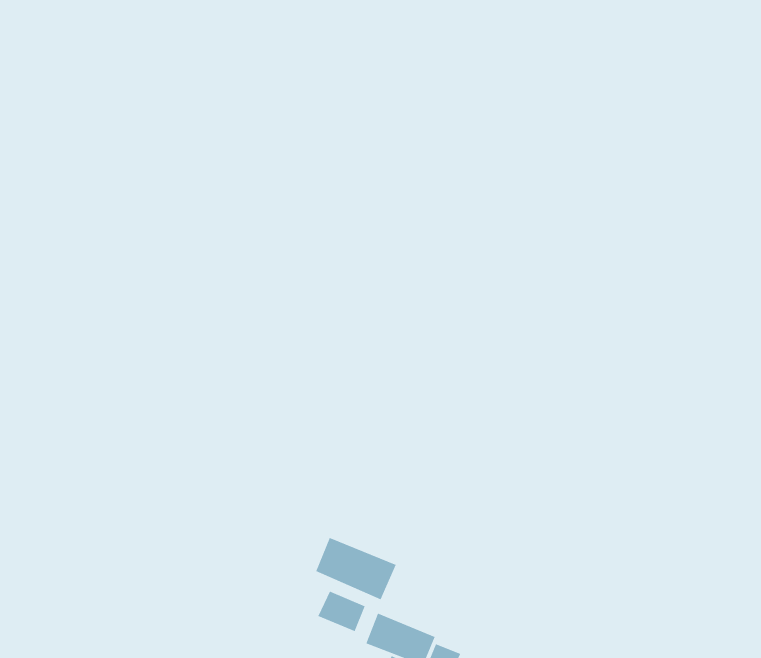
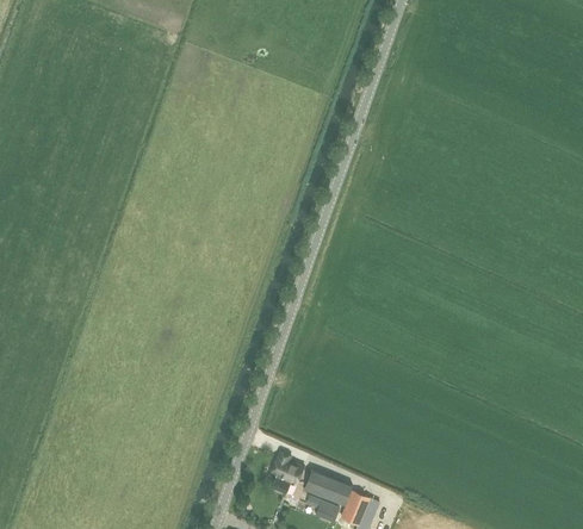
building: [315,537,396,600] -> none

